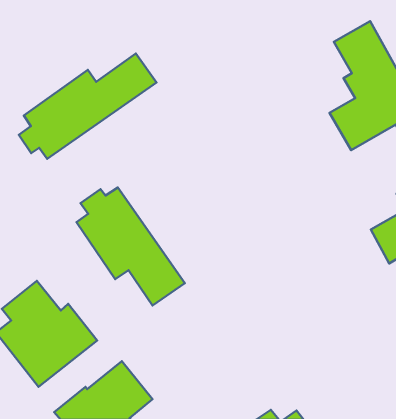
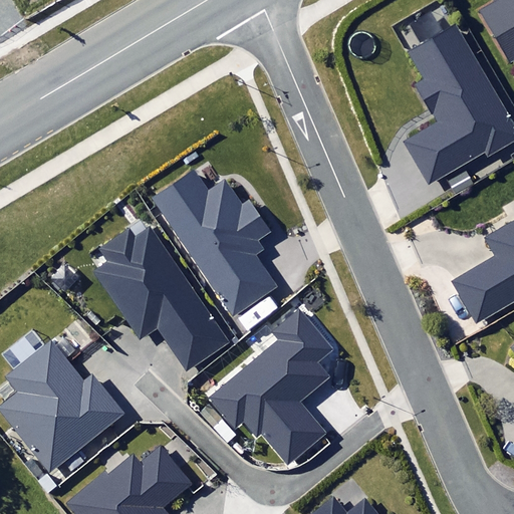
building: [19,53,156,159] -> none
building: none -> [153,171,277,318]
building: none -> [212,310,333,464]

